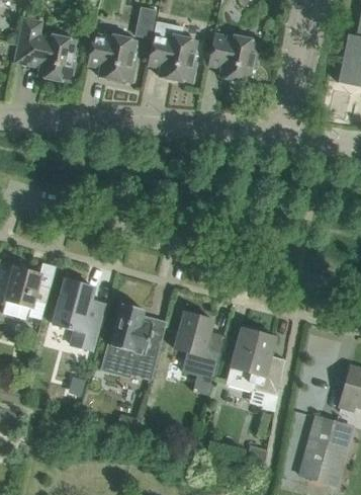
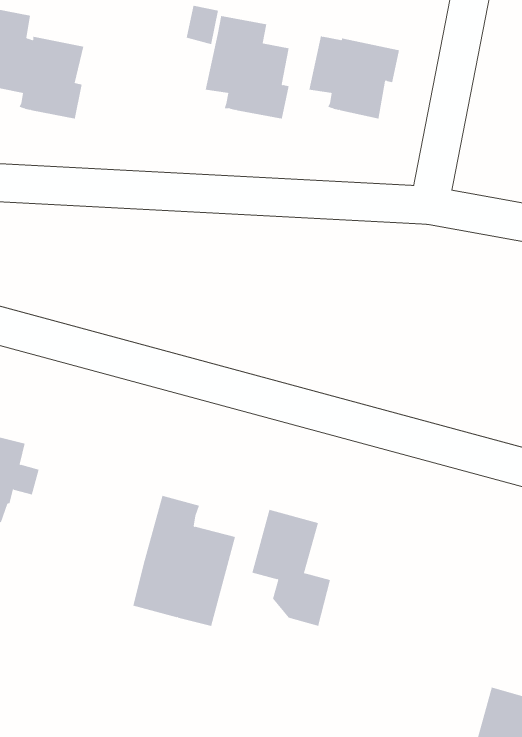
building: [87,32,137,82] -> none
building: [53,278,103,349] -> none
building: [225,327,285,395] -> none

